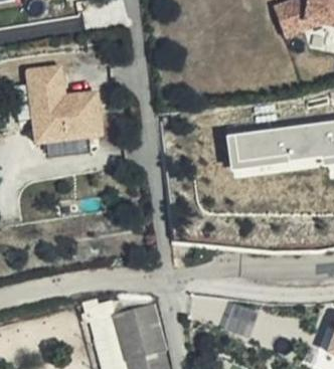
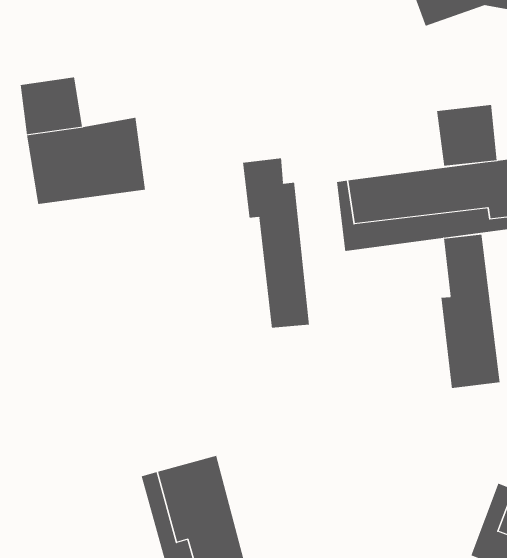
building: none -> [437,104,497,167]
building: none -> [243,157,309,329]
building: none -> [441,234,500,389]

